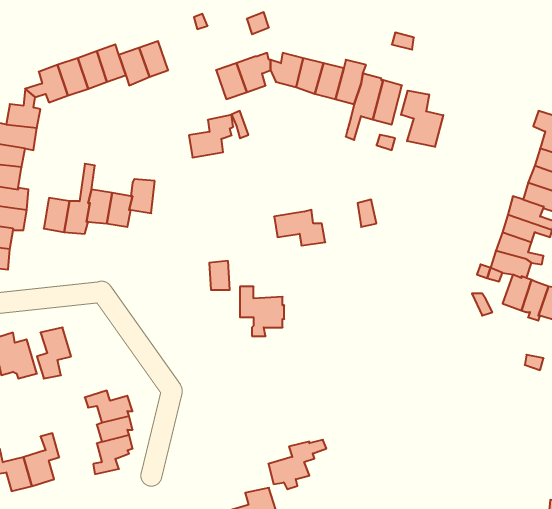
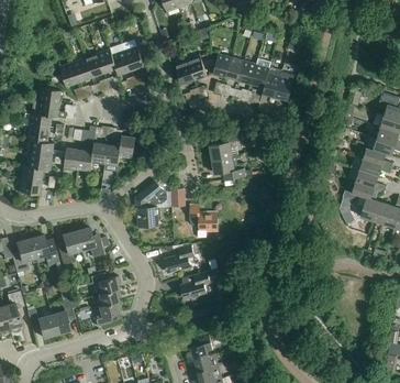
building: [401,91,443,147] -> none
building: [189,115,233,157] -> [210,132,238,160]
building: none -> [135,180,166,227]
building: none -> [76,227,104,256]
building: none -> [165,244,195,272]
building: [268,440,326,489] -> [180,270,218,302]

